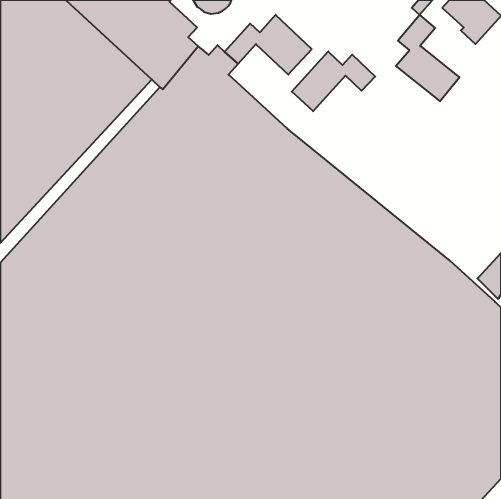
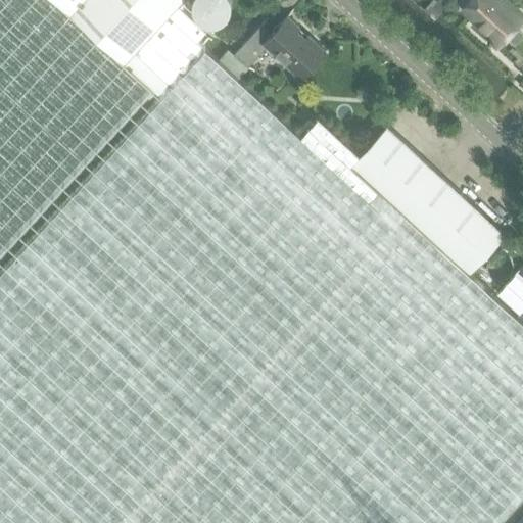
building: [396,15,459,101] -> none
building: [292,51,375,111] -> none
building: none -> [299,116,504,274]

